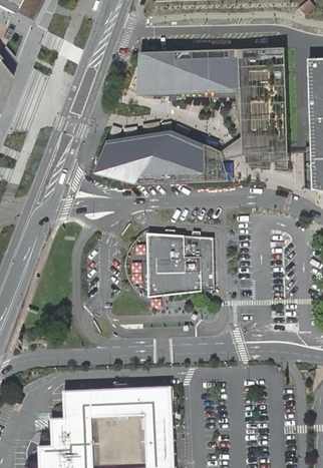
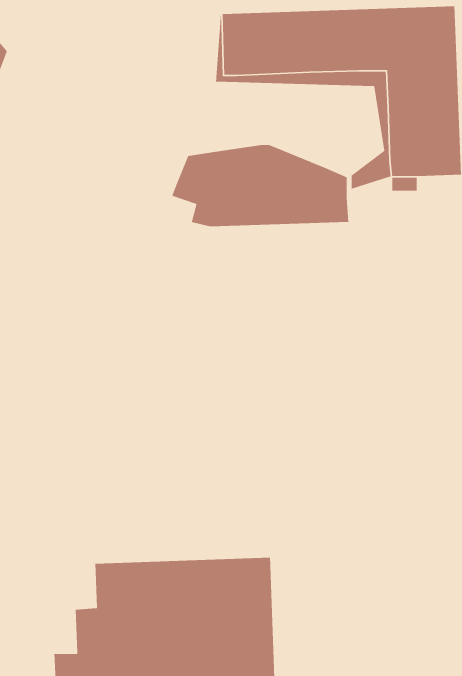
building: [94,129,222,180] -> none
building: [145,229,214,297] -> none

